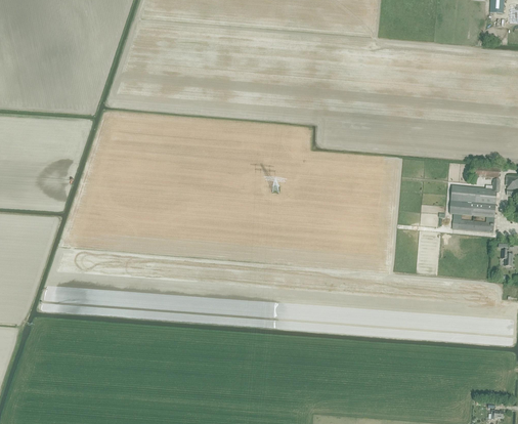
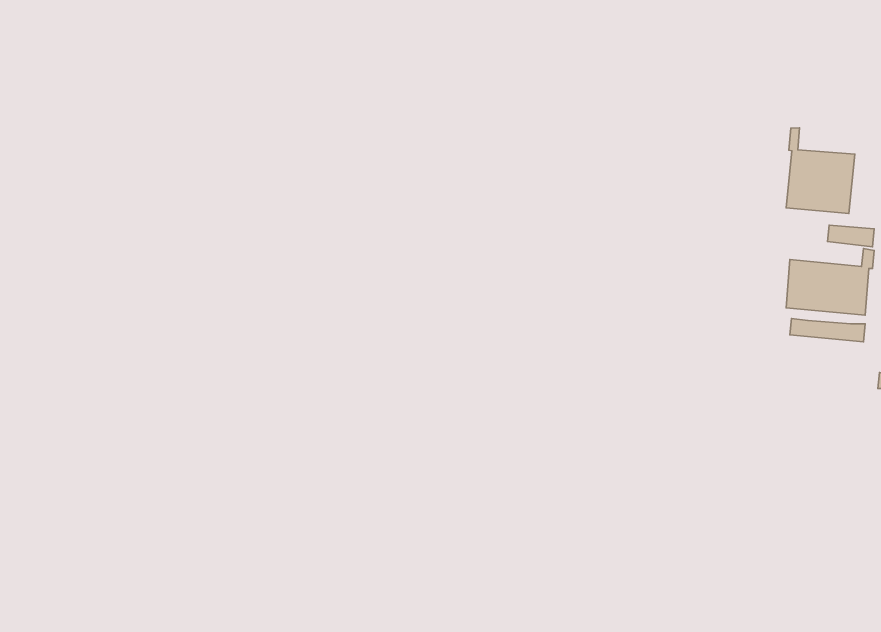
building: none -> [786,128,855,213]

